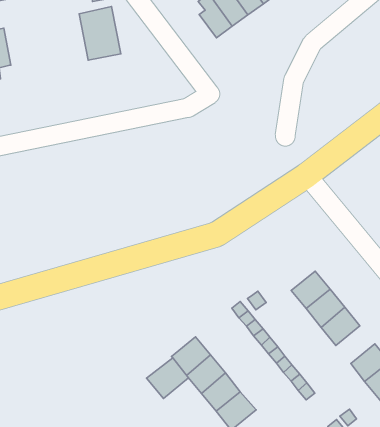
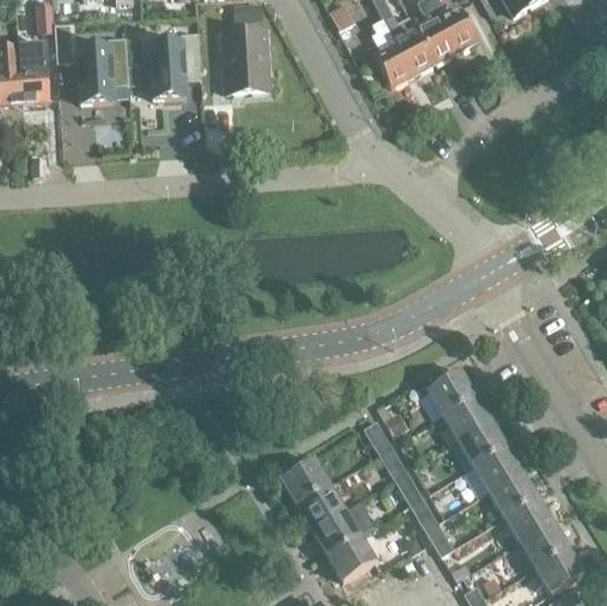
building: none -> [148,31,201,97]
building: none -> [425,368,474,415]
building: none -> [488,471,537,516]
building: [147,358,189,398] -> none

